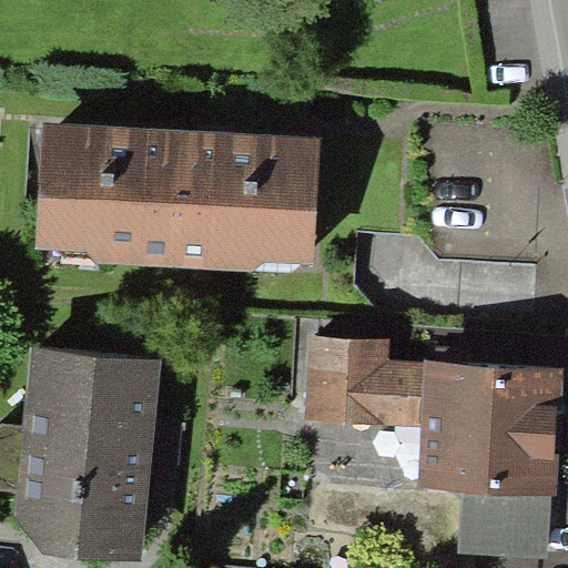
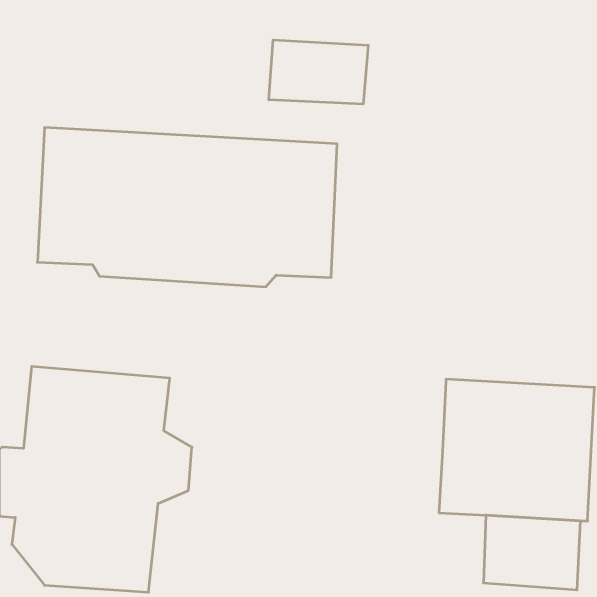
building: none -> [269,40,368,104]
building: [306,336,423,428] -> none

